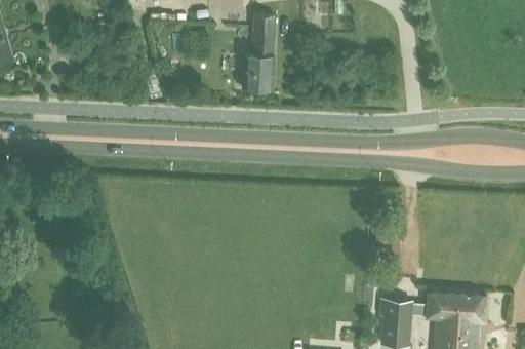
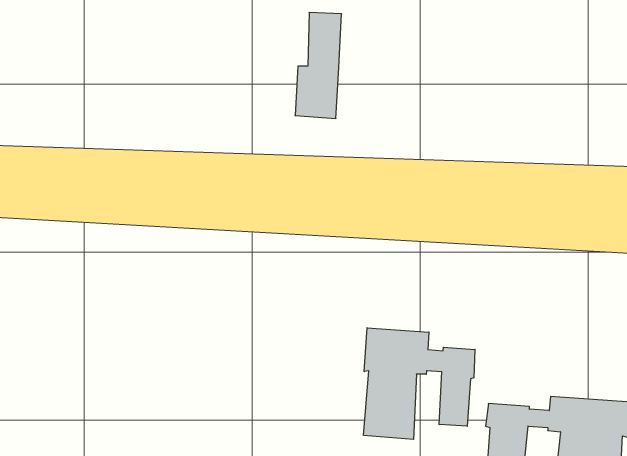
building: none -> [364,328,475,439]

